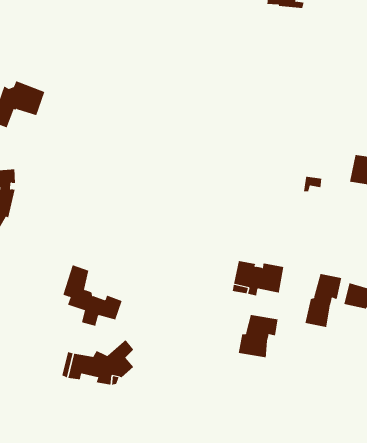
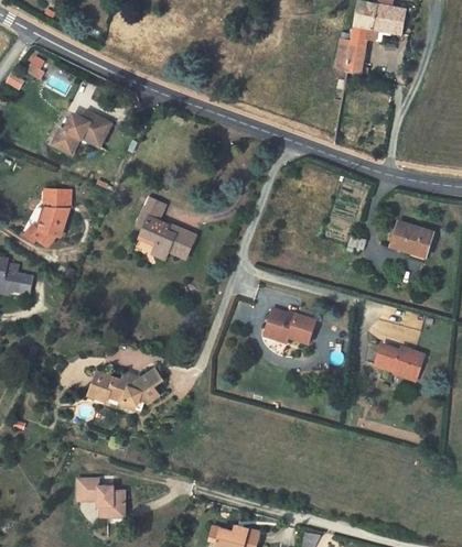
building: [62,265,122,326] -> [136,197,192,259]
building: [305,273,342,328] -> none
building: [238,314,278,358] -> none

